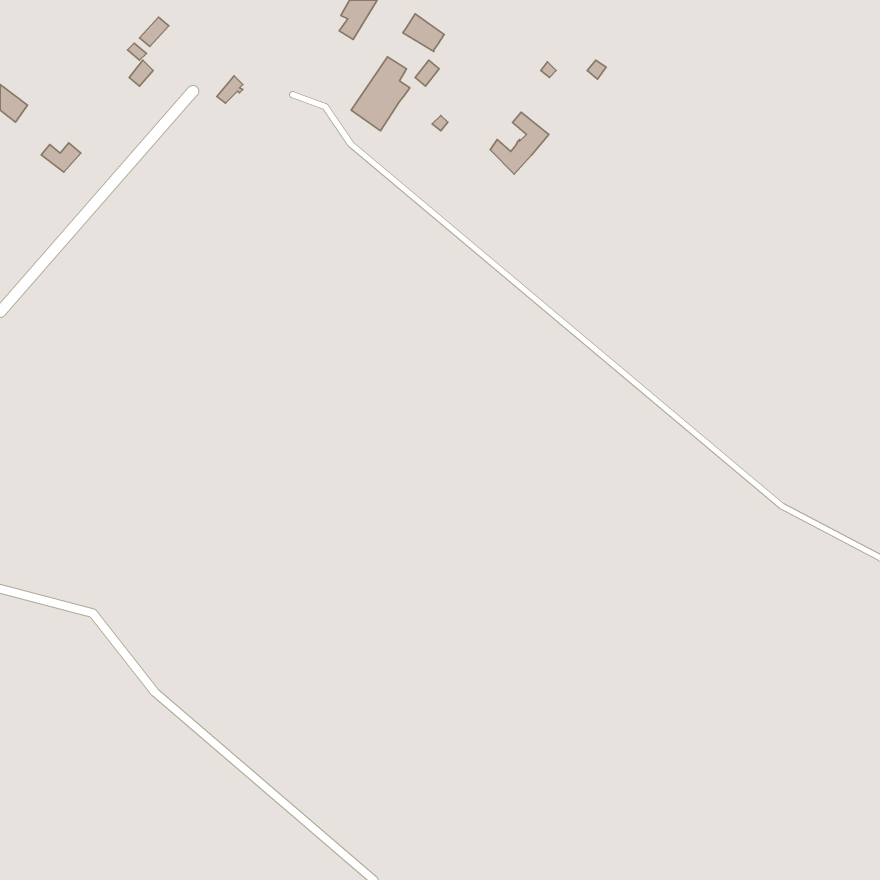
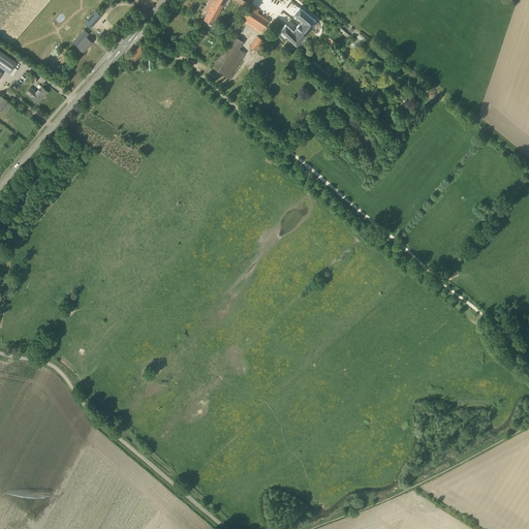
building: [490,112,549,174] -> [281,7,316,44]

